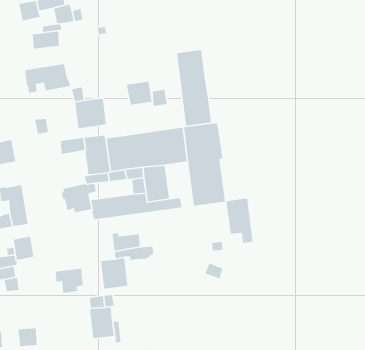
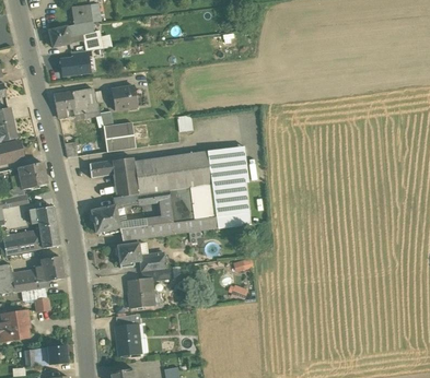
building: [176,49,212,127] -> none
building: [126,81,153,105] -> [111,85,137,109]
building: [226,198,254,244] -> [191,184,219,228]
building: [55,268,84,294] -> [112,243,140,268]

